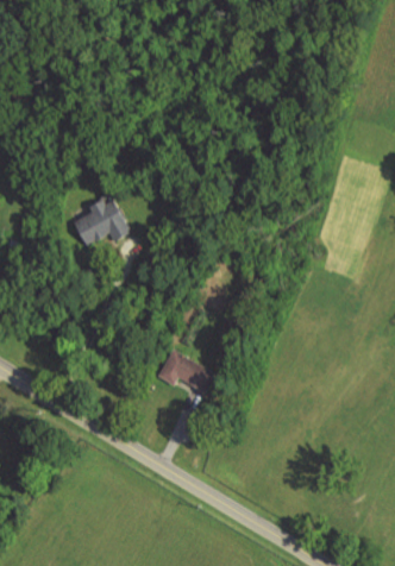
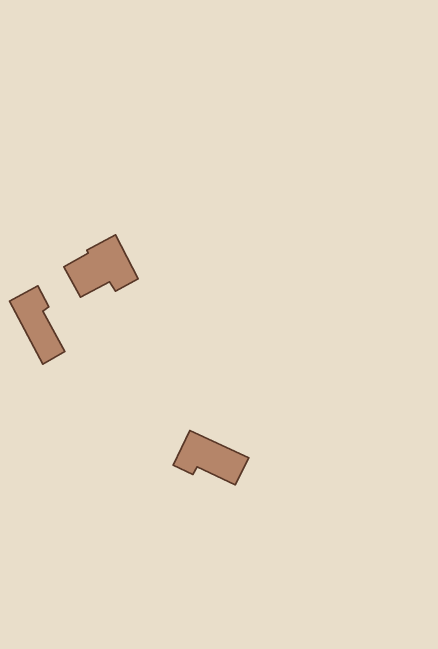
building: none -> [10,286,65,364]

